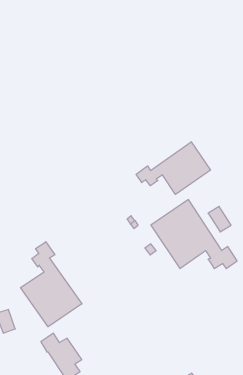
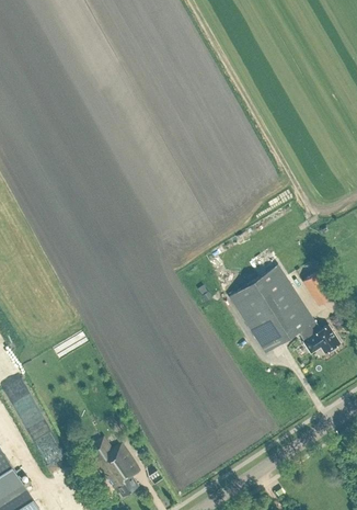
building: [136,142,210,194] -> none
building: [21,242,82,327] -> none

